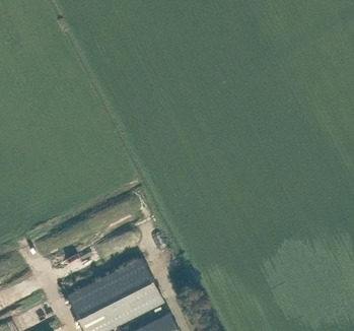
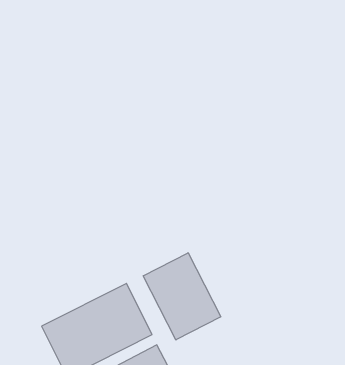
building: none -> [143,253,221,340]

